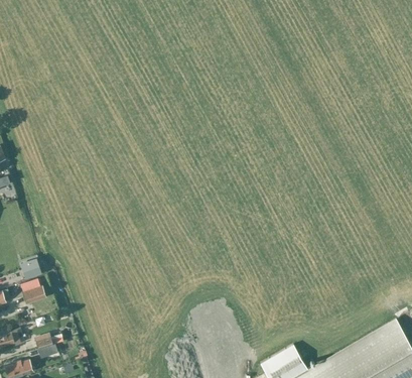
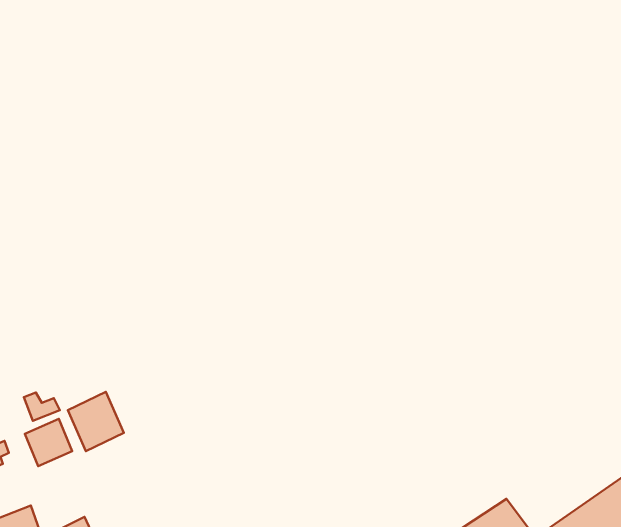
building: none -> [68,392,124,451]

